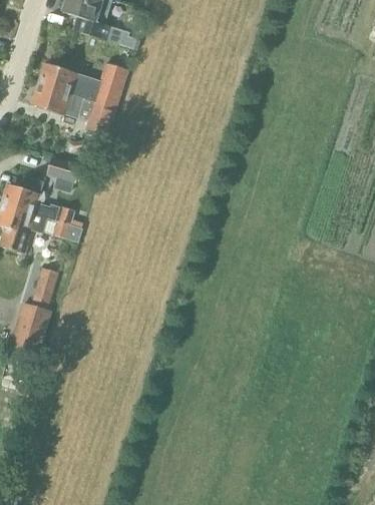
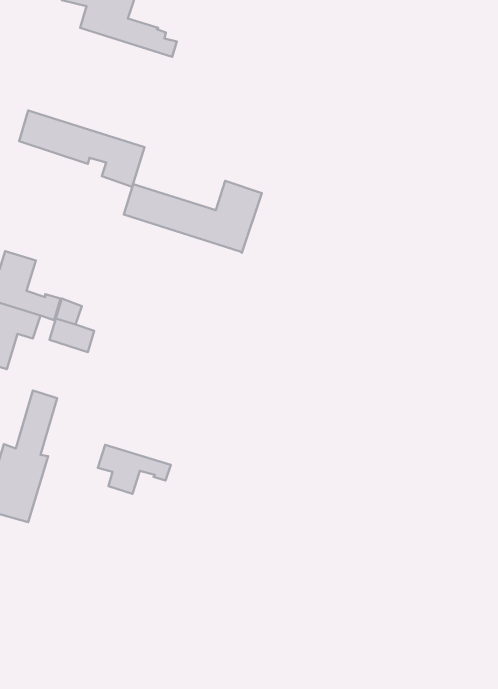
building: [40,61,130,108] -> [124,181,262,253]
building: [47,155,80,183] -> none
building: none -> [98,445,171,494]

